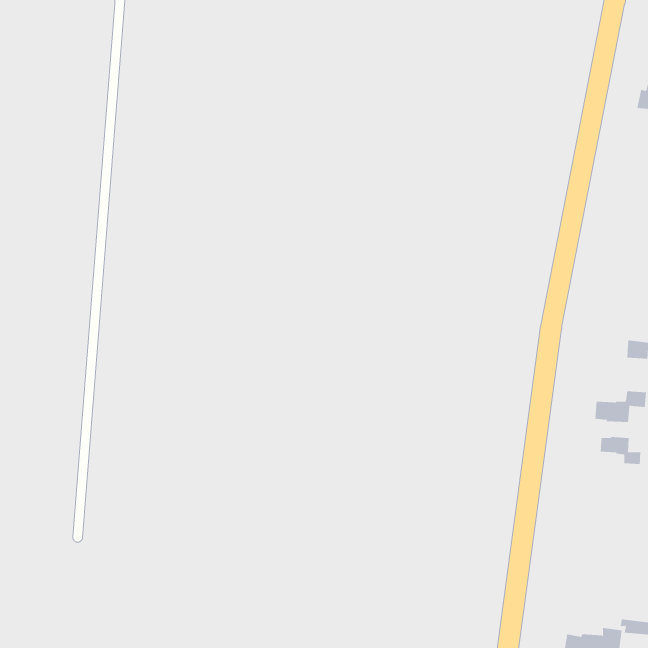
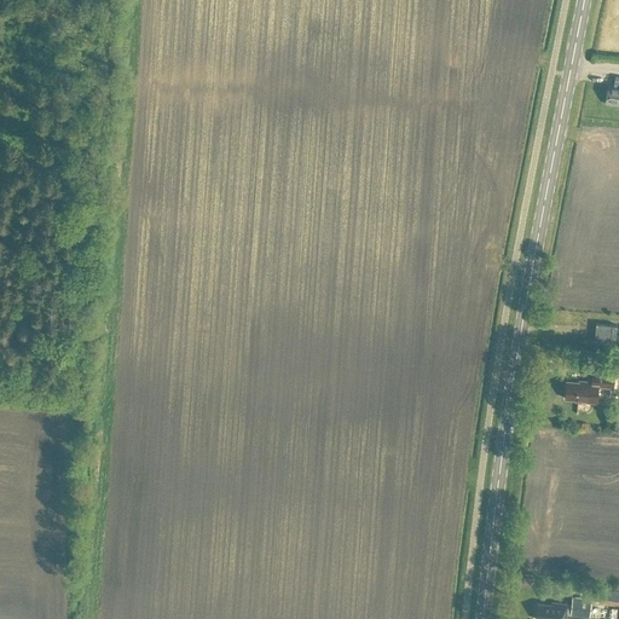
building: [600,436,641,465] -> none

